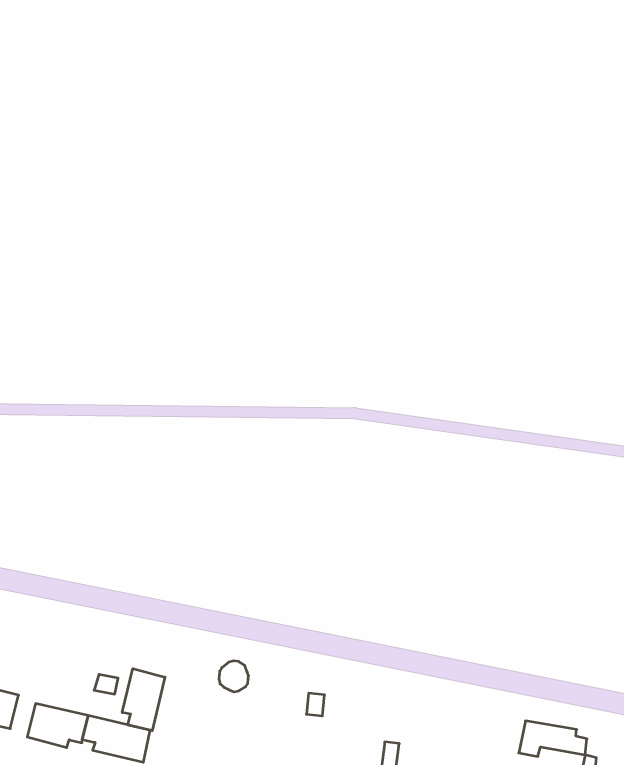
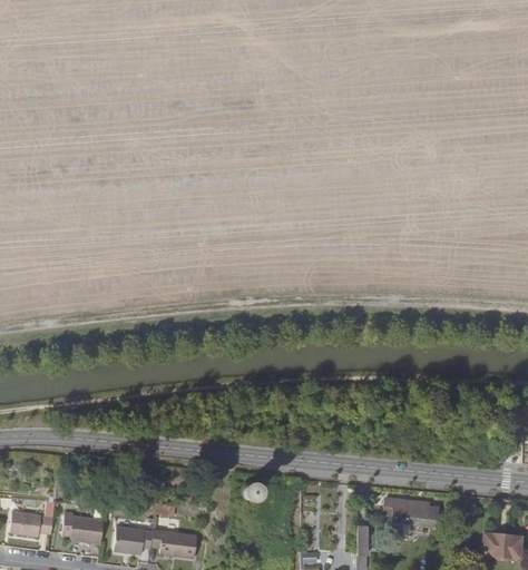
building: [122,669,165,731] -> none
building: [519,721,587,756] -> [392,501,438,524]

